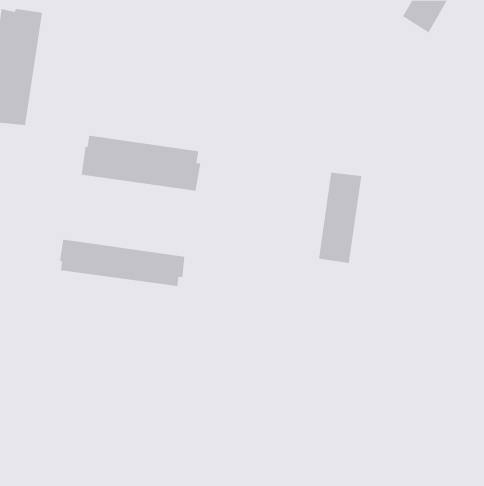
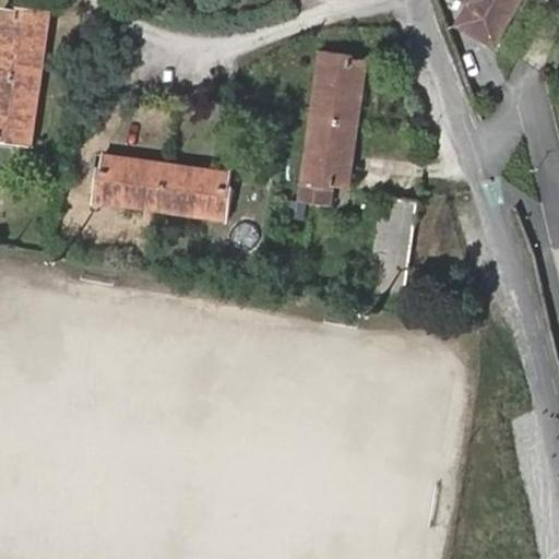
building: none -> [296,51,366,204]
building: [60,239,185,287] -> none

